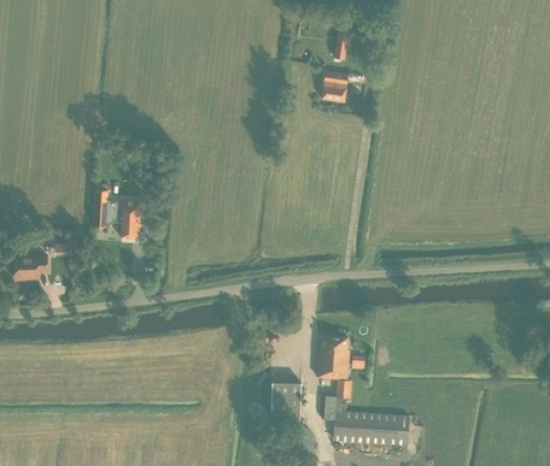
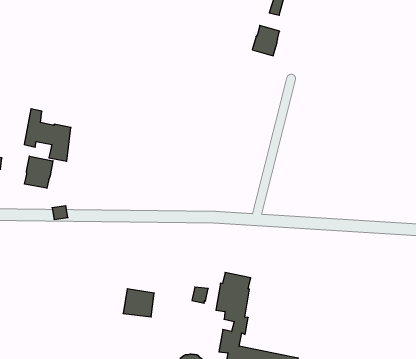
building: none -> [25,156,53,188]
building: [270,382,300,408] -> [123,289,154,317]

